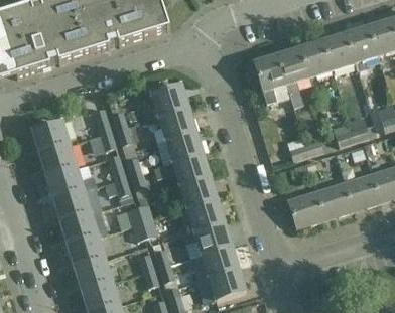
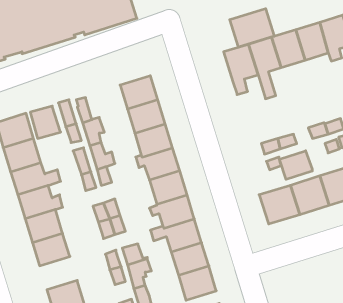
building: none -> [230,9,274,47]
building: none -> [279,151,312,179]
building: [75,258,111,290] -> none

